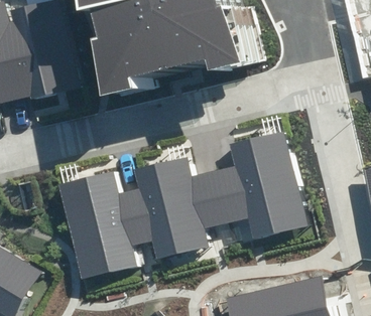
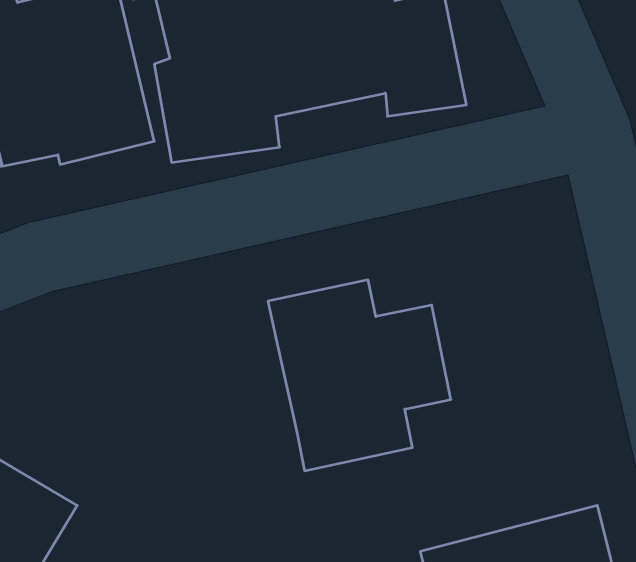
building: [229,128,314,238] -> none
building: [67,173,158,272] -> none

